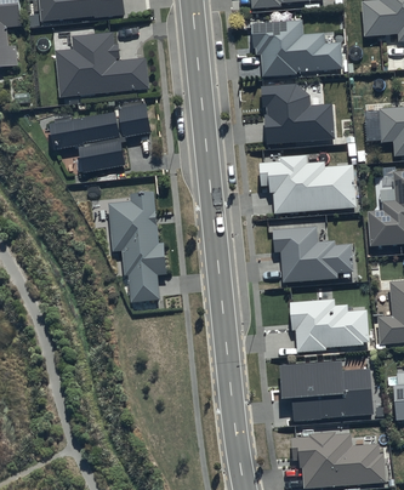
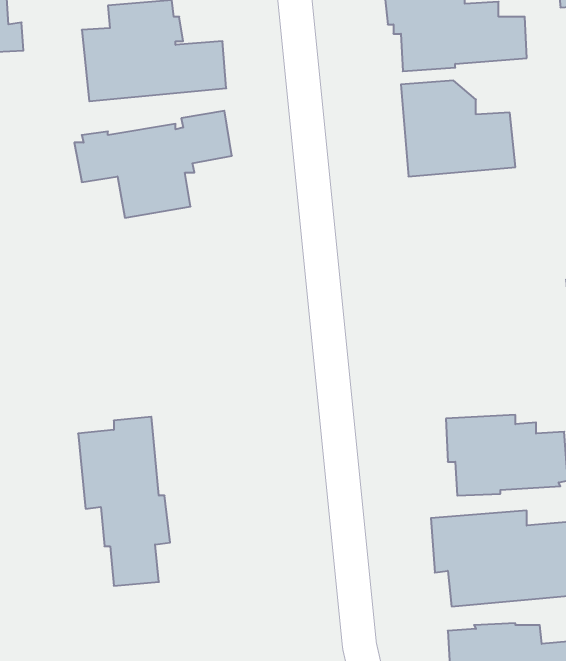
building: [258,154,355,212] -> none
building: [107,192,166,301] -> [78,417,170,586]
building: [272,226,353,281] -> none

